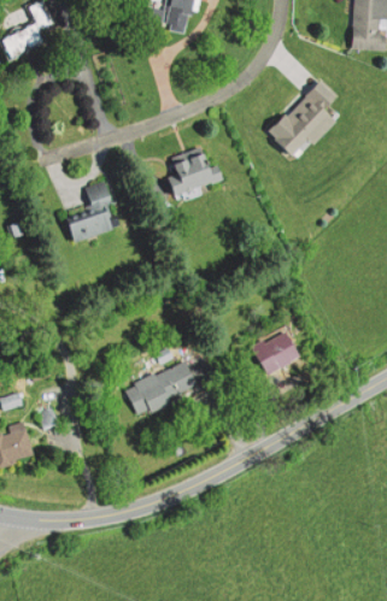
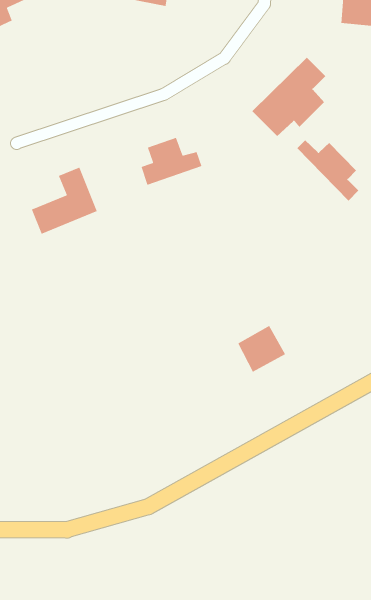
building: none -> [296,139,359,201]
building: [127,363,195,413] -> none

